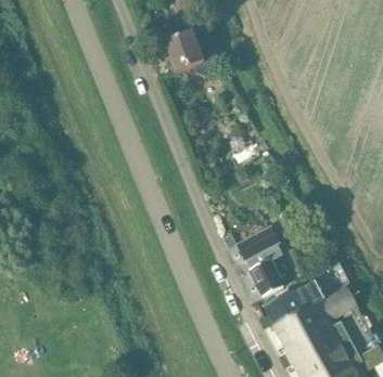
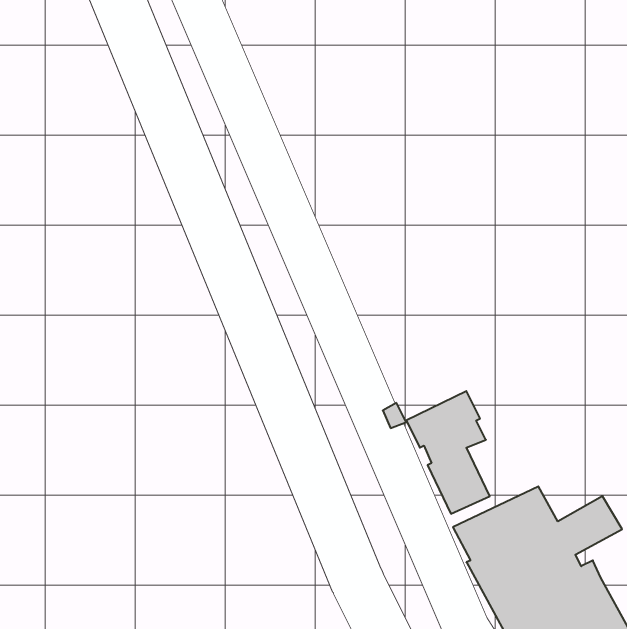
building: [162,30,225,77] -> none

